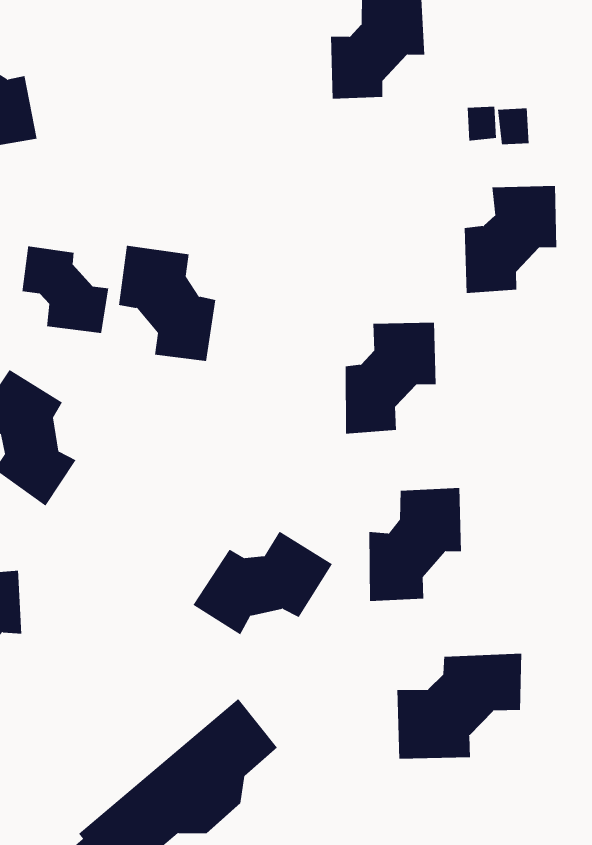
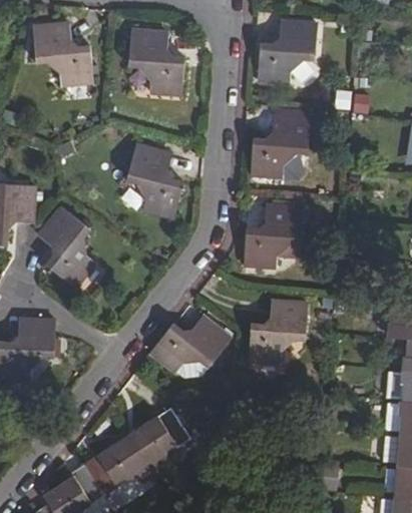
building: none -> [127,31,182,94]
building: [464,185,557,294] -> [251,115,308,174]
building: [22,245,109,334] -> none
building: [397,653,522,760] -> none

